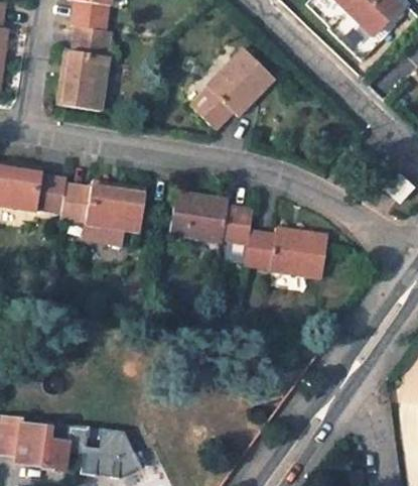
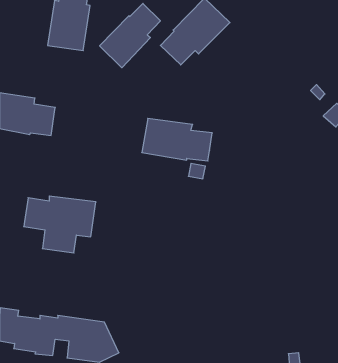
building: none -> [100,3,160,68]
building: [61,181,147,249] -> [24,196,96,253]
building: [247,228,328,276] -> none

